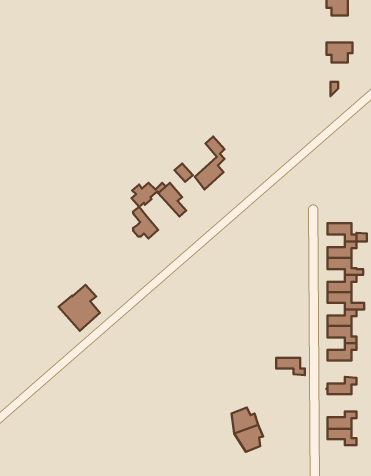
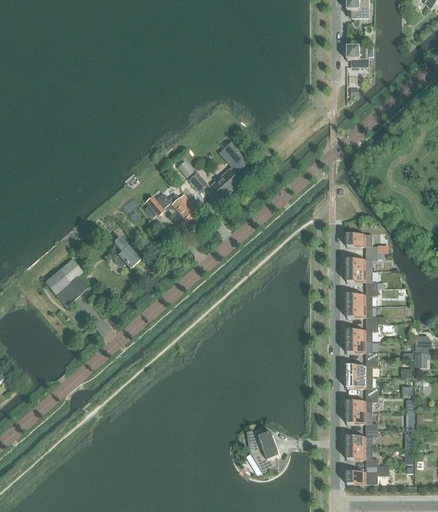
building: [133,207,158,238] -> [113,235,139,268]
building: [59,285,100,331] -> [43,258,86,306]
building: [276,358,305,375] -> [347,377,377,395]
building: none -> [346,412,377,430]
building: none -> [347,465,388,484]

